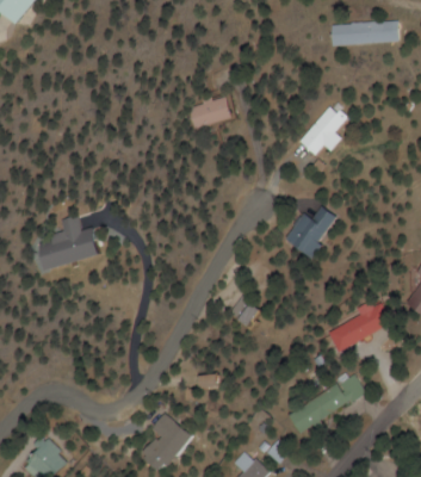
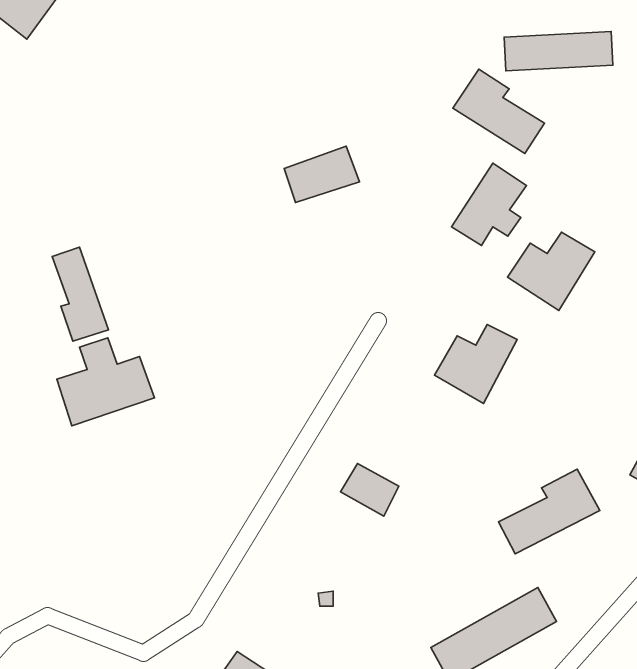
building: none -> [453,69,544,153]
building: none -> [507,232,595,310]
building: none -> [52,247,108,341]

